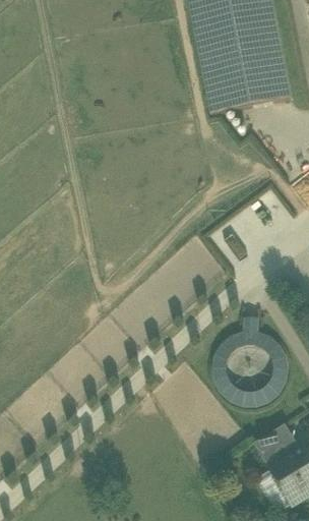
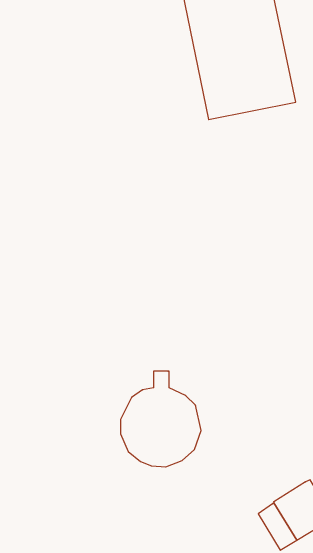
building: [213,316,288,405] -> [121,371,201,467]
building: [254,423,301,469] -> none

